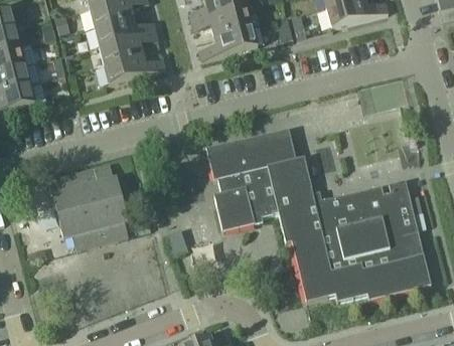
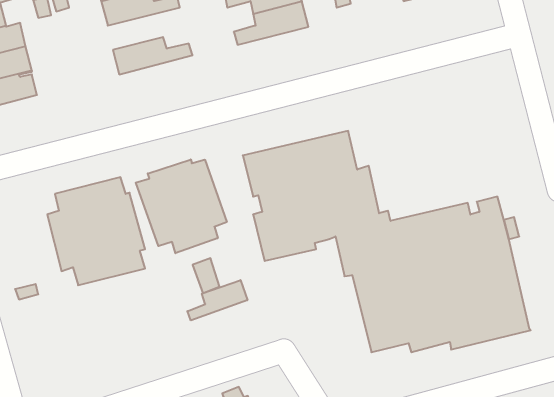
building: [100,31,158,64] -> none
building: none -> [136,159,227,253]
building: none -> [187,280,247,320]

